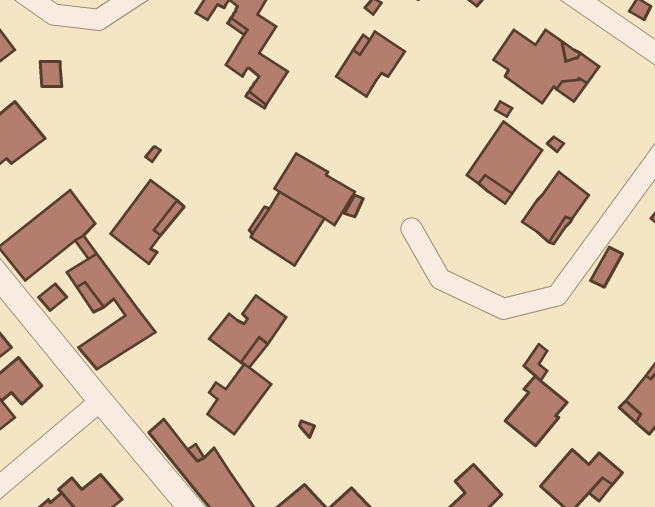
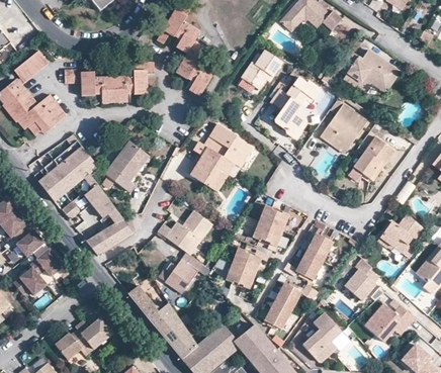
building: none -> [80,62,152,99]
building: none -> [270,78,321,139]
building: none -> [252,205,288,248]
building: none -> [378,215,423,253]
building: none -> [296,234,333,280]
building: none -> [213,248,262,290]
building: none -> [265,282,301,329]

